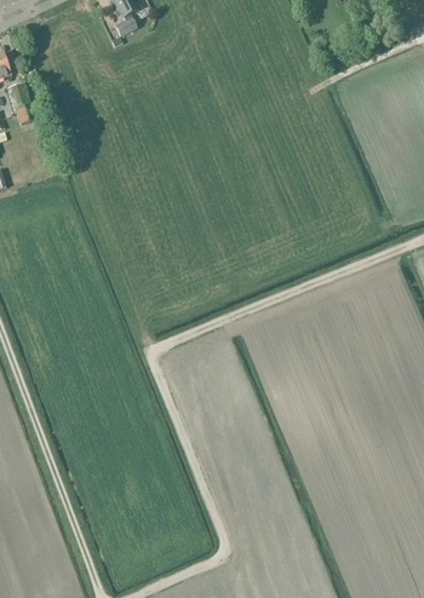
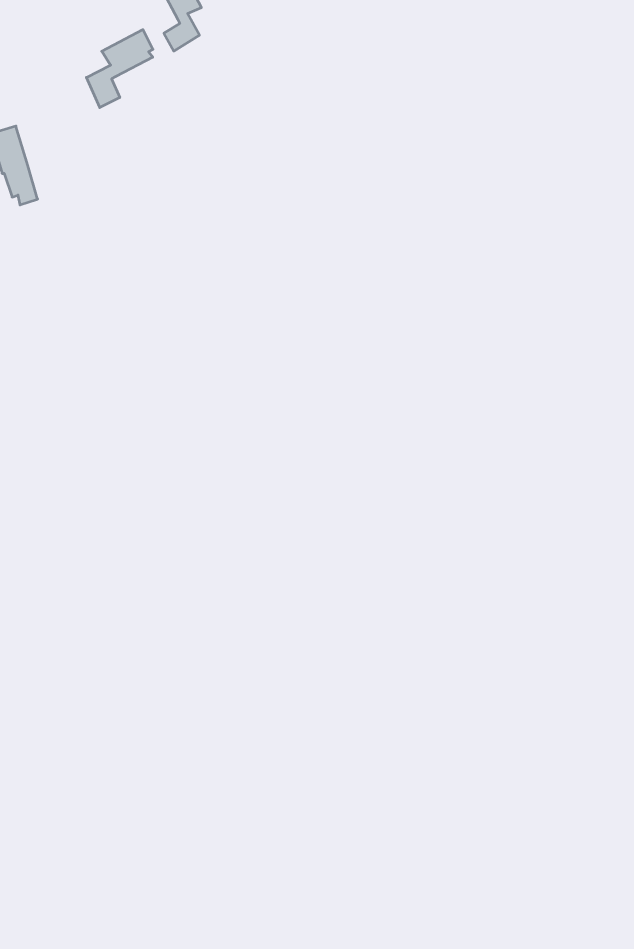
building: none -> [86,30,153,108]

